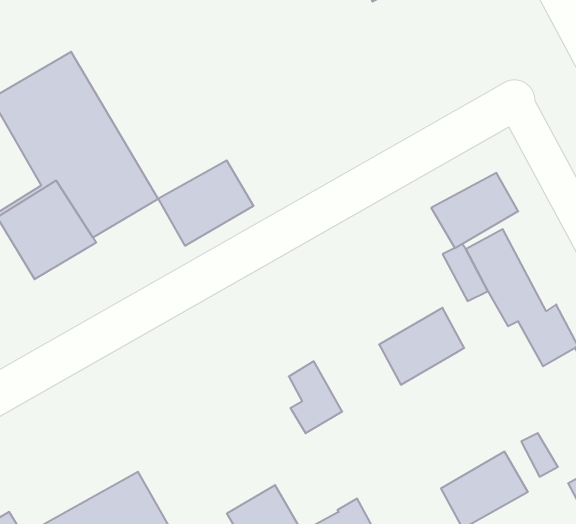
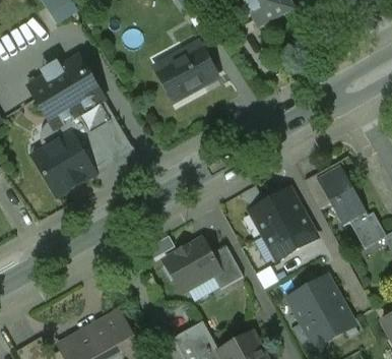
building: [158,160,254,246] -> [156,48,214,100]
building: [431,173,518,248] -> [251,189,304,235]
building: none -> [162,239,218,291]
building: none -> [288,276,341,322]

